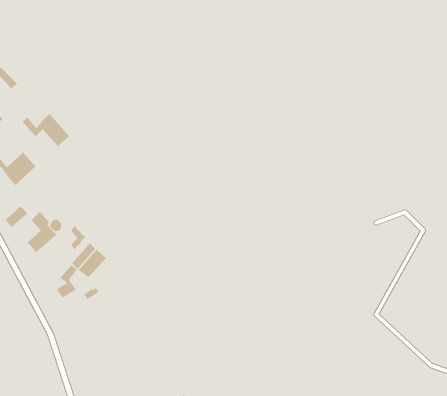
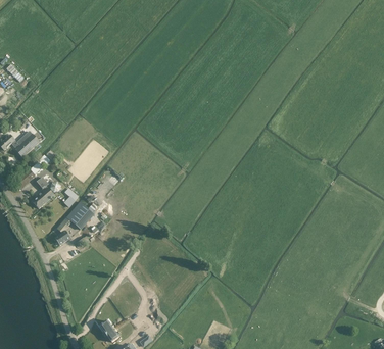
building: [21,113,70,147] -> none

